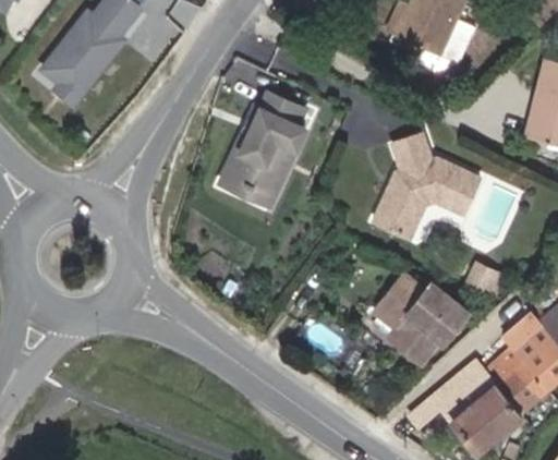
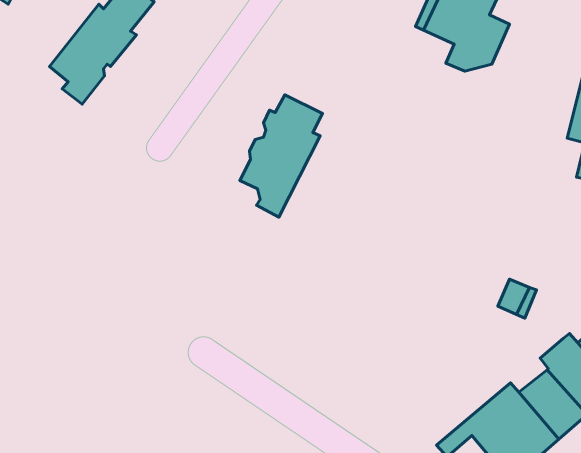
building: [372,134,478,239] -> none
building: [379,276,470,365] -> none

